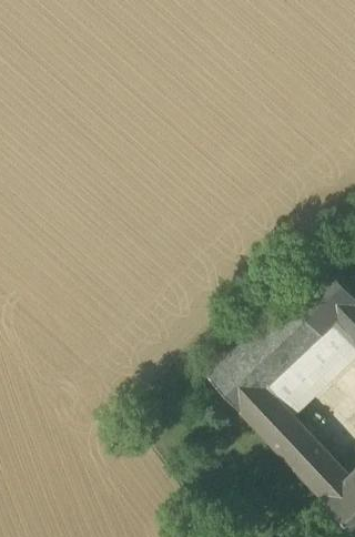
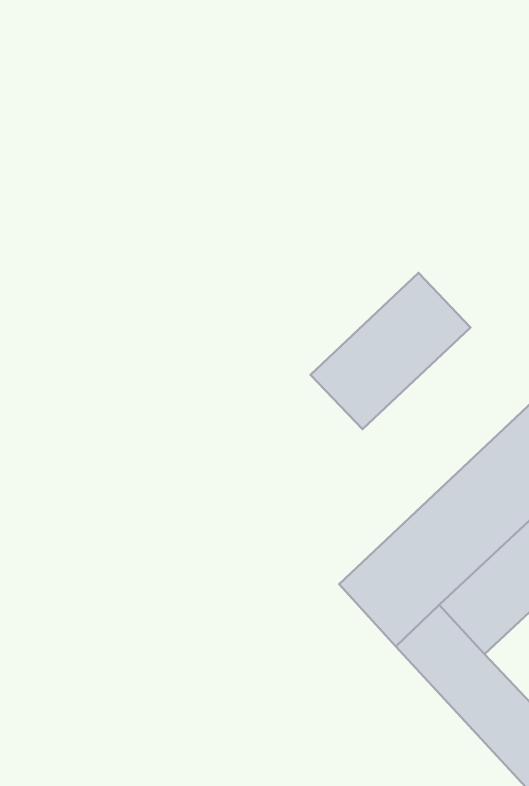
building: none -> [311,273,470,429]

